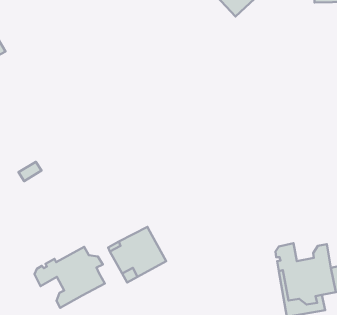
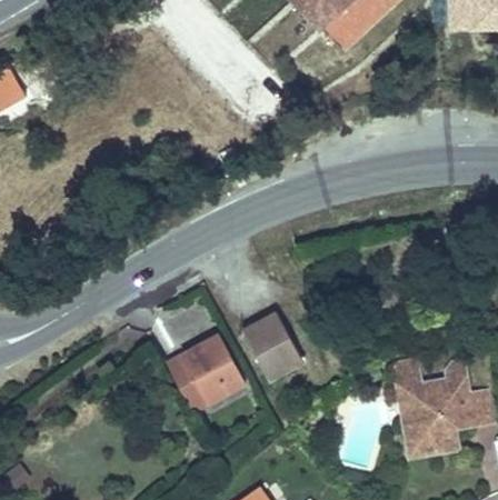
building: none -> [241,311,303,381]
building: [35,247,105,308] -> none

